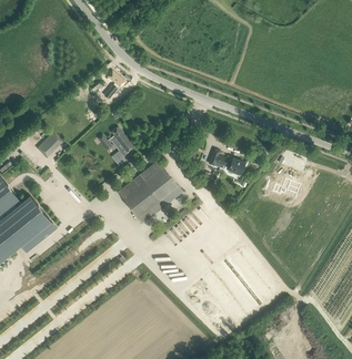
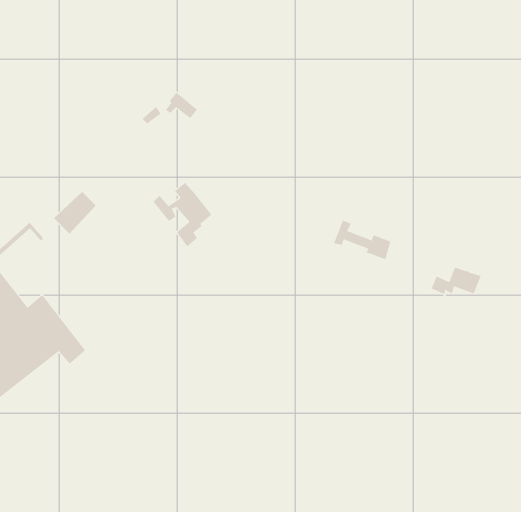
building: [118,161,182,223] -> none

